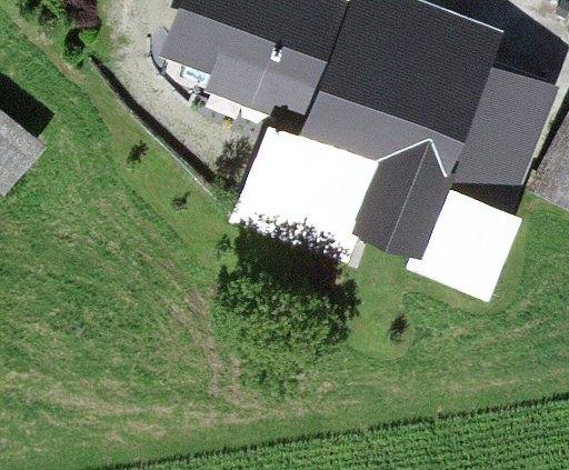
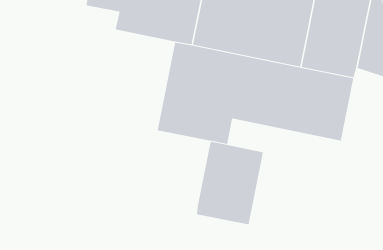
building: none -> [196,141,264,225]

